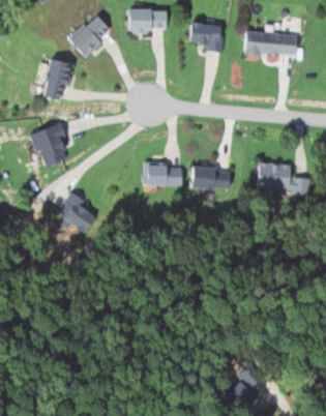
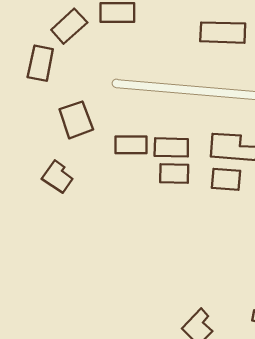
building: [189,24,223,49] -> none
building: [31,124,70,168] -> [60,101,93,138]
building: none -> [160,164,188,183]
building: none -> [212,169,240,190]

